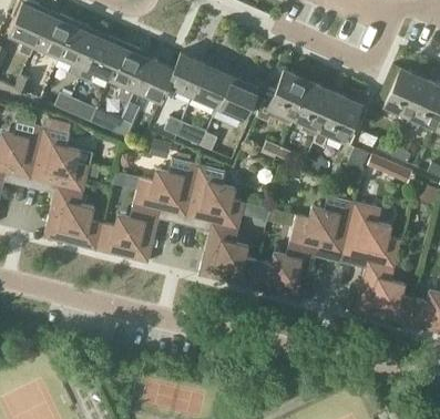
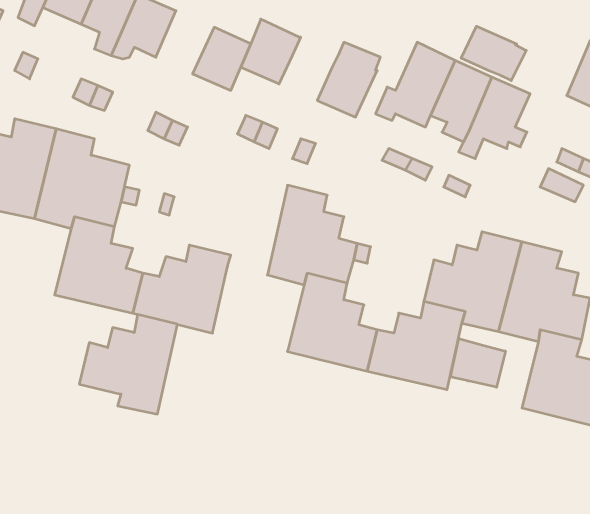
building: [111,48,150,102] -> none
building: [193,57,236,108] -> none
building: none -> [461,26,526,81]
building: [133,157,198,224] -> [79,314,177,414]
building: none -> [450,339,505,387]

